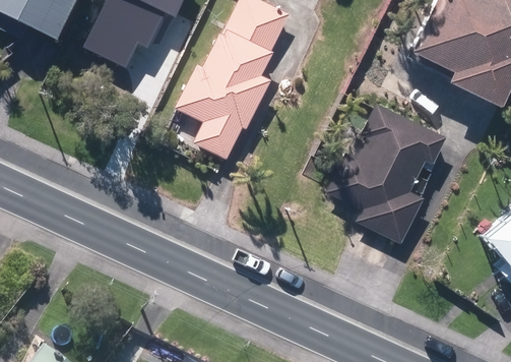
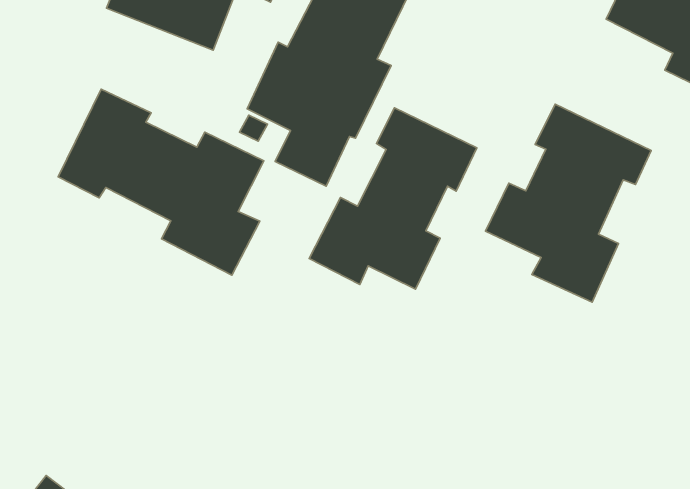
building: none -> [58,89,264,275]
building: none -> [309,108,477,289]

